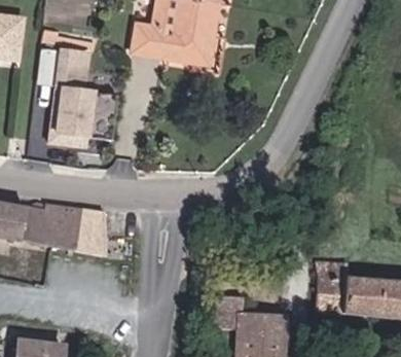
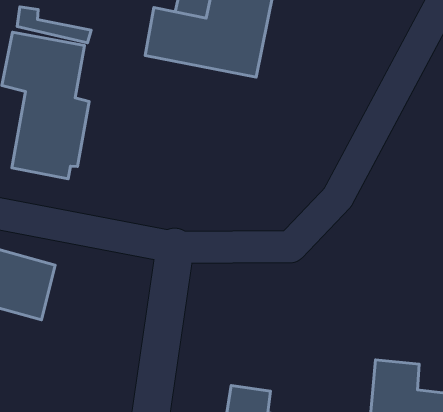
building: [77,211,107,255] -> none

